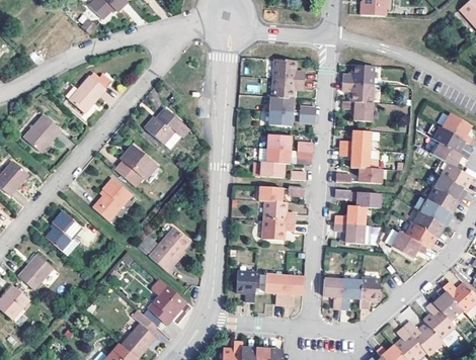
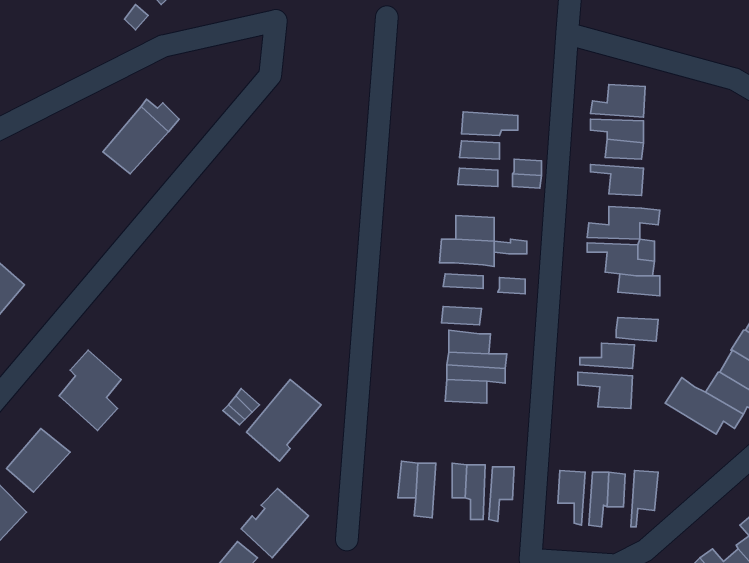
building: [270,58,302,78] -> none
building: [143,107,186,150] -> none
building: [24,112,62,149] -> none
building: [113,145,155,184] -> none
building: [93,177,131,218] -> none

